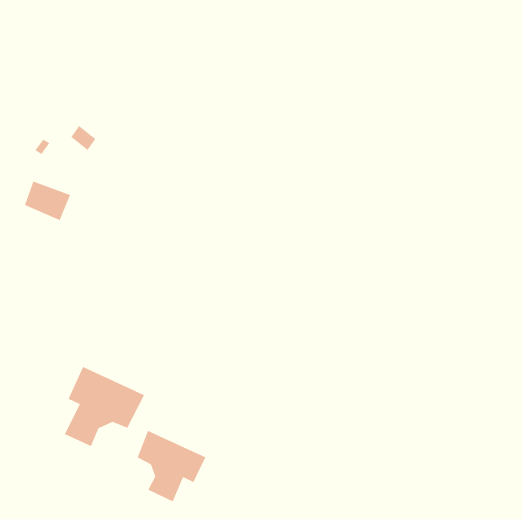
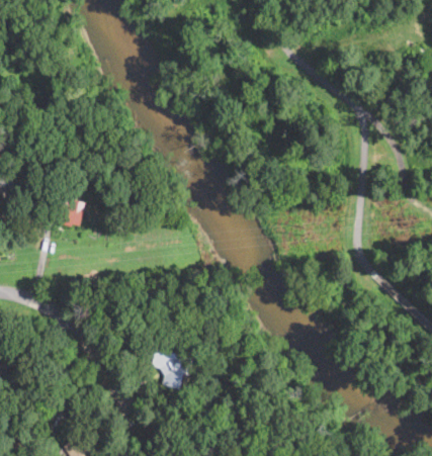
building: [64,366,145,447] -> none

